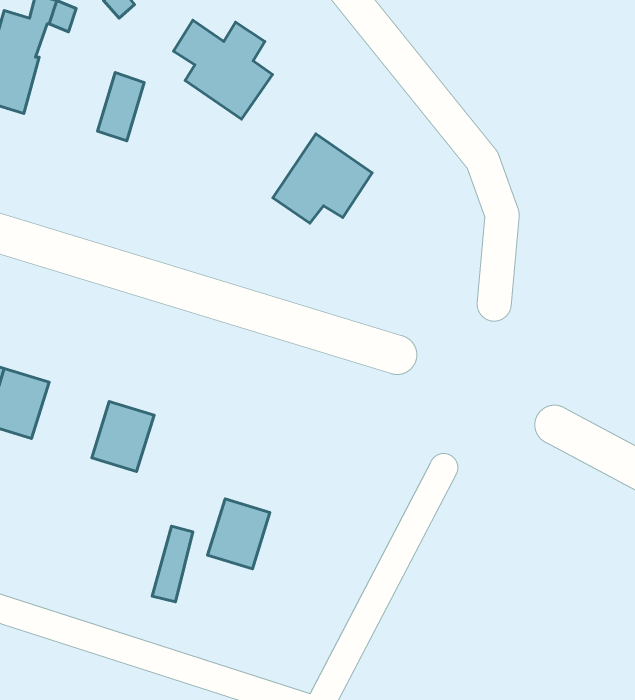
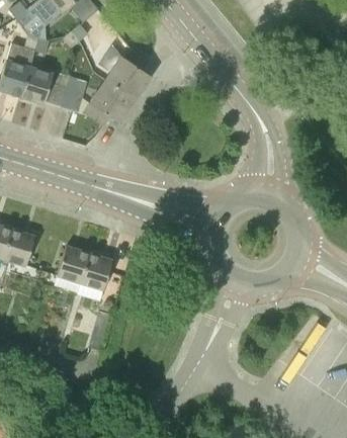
building: none -> [21,68,69,106]
building: [273,134,372,223] -> [83,80,135,126]
building: [208,499,270,569] -> [80,254,112,290]

